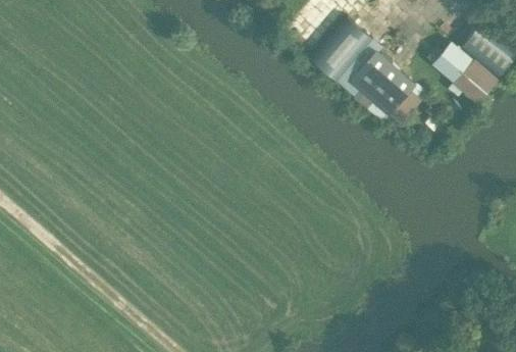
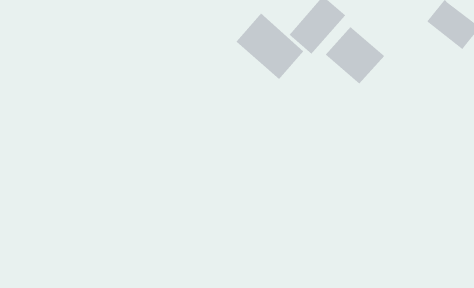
building: none -> [236,13,304,80]
building: [431,43,497,104] -> none

